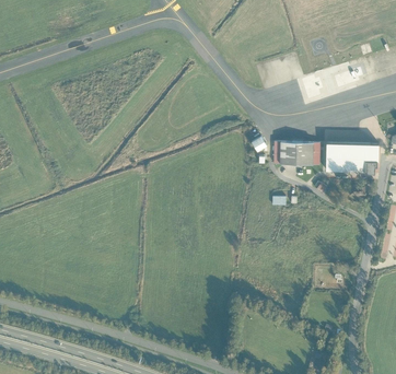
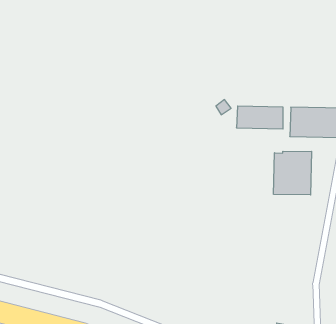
building: none -> [274,151,312,195]

